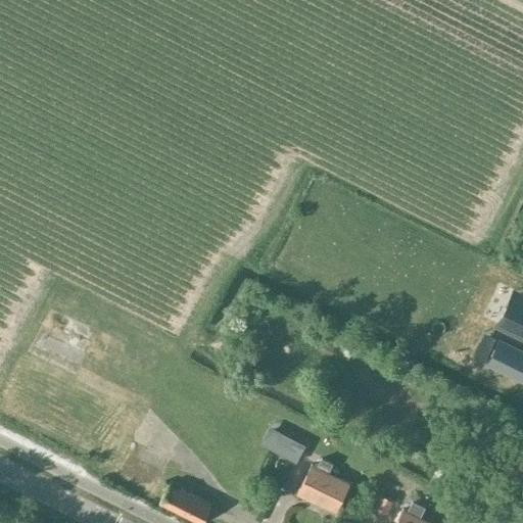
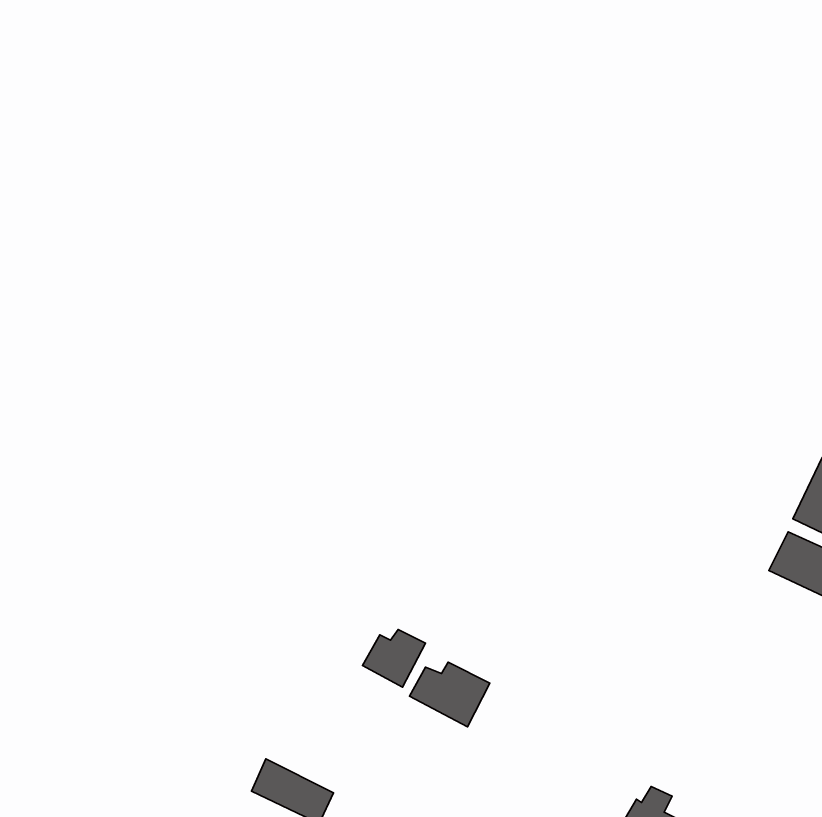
building: none -> [363,629,426,687]
building: [297,460,350,514] -> none

